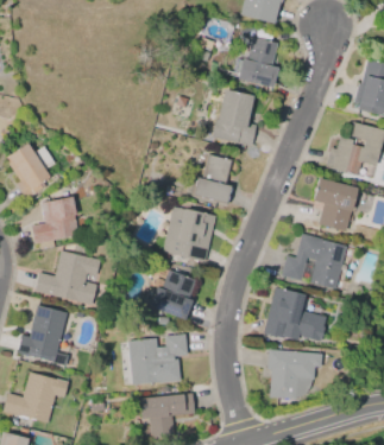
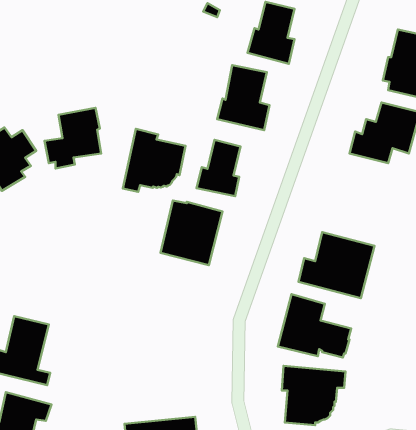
building: none -> [123,129,186,192]
building: [314,178,358,231] -> none
building: [30,197,78,249] -> [45,108,101,169]
building: [34,250,100,305] -> none
building: [150,269,196,319] -> none
building: [120,333,188,384] -> none

